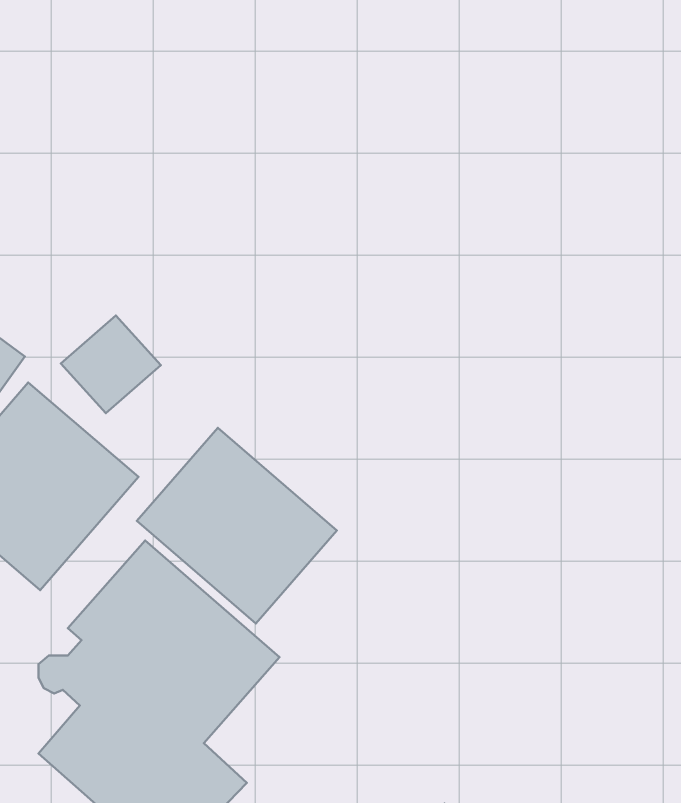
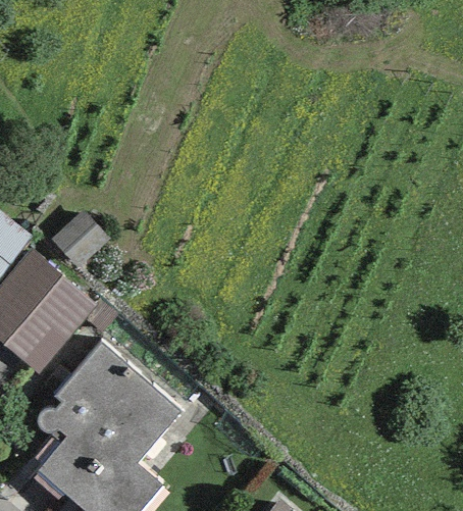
building: [137,428,337,624] -> none

